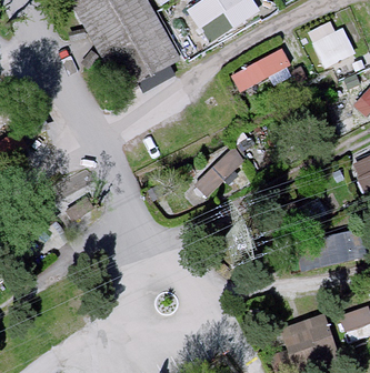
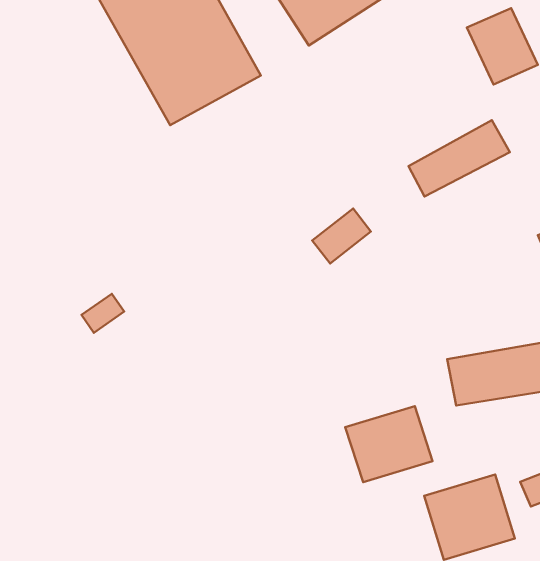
building: [230,44,293,92] -> [408,120,510,196]
building: none -> [345,406,433,482]

